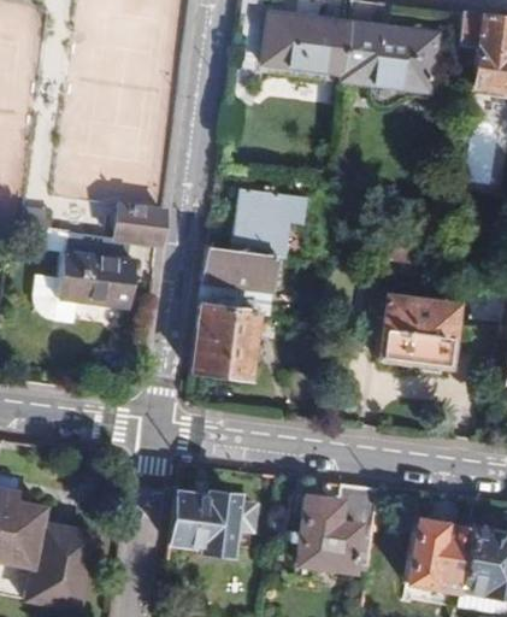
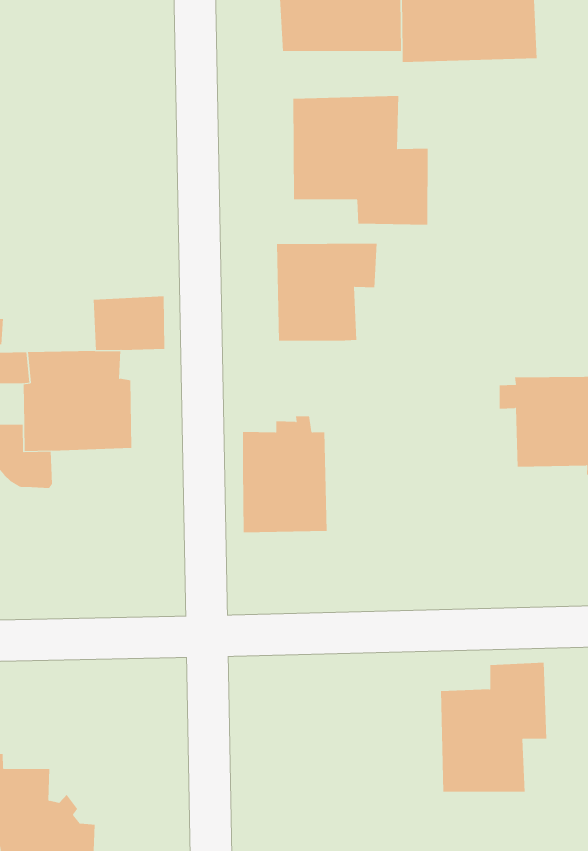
building: none -> [293,95,428,225]
building: [204,248,276,316] -> none
building: [171,493,258,553] -> none

